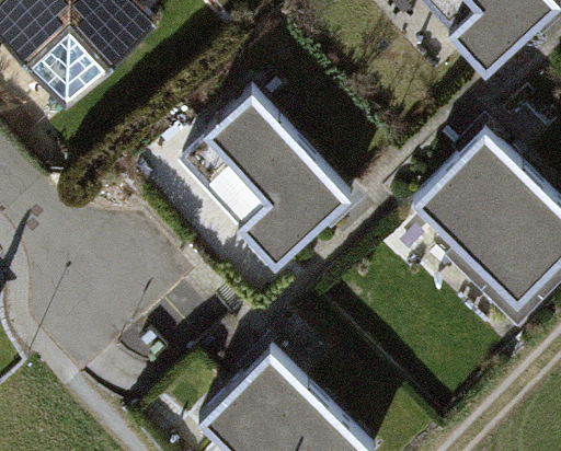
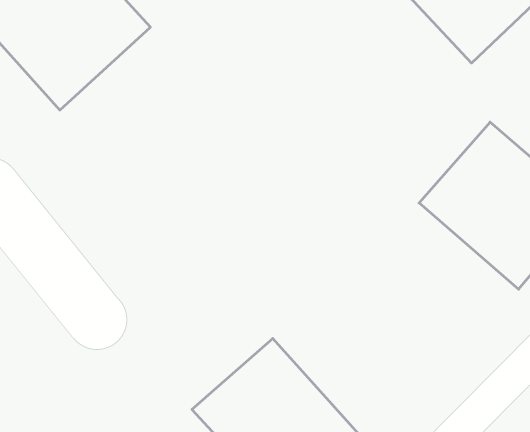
building: [174,85,353,266] -> none

